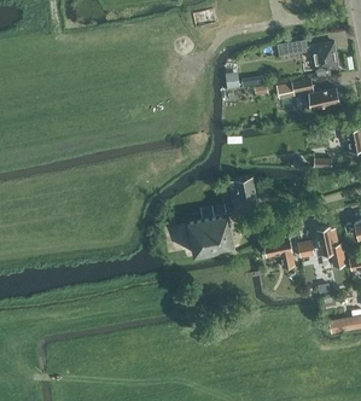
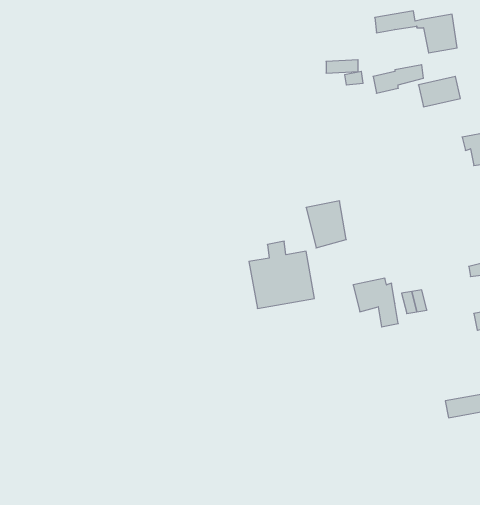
building: [316,225,345,266] -> none

